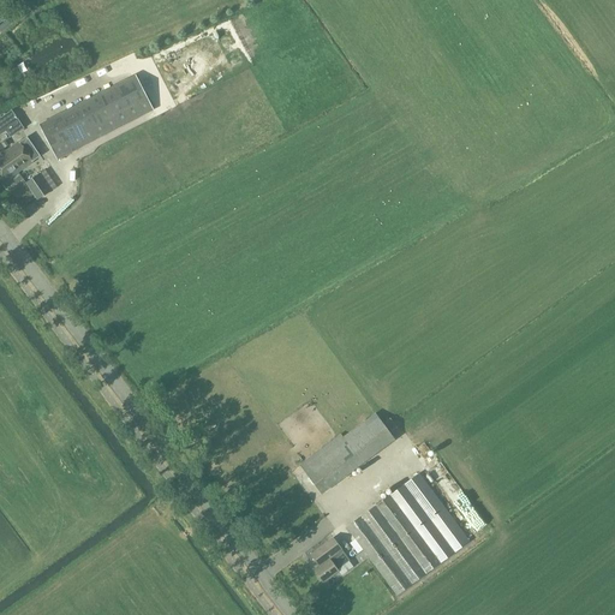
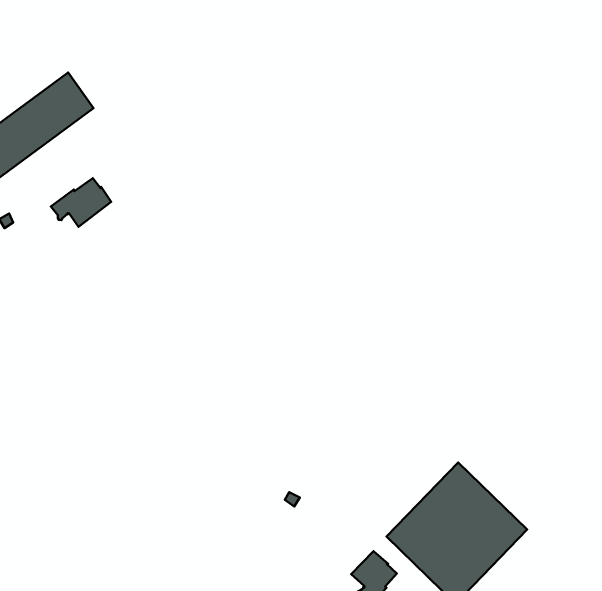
building: none -> [51,178,111,227]
building: [299,411,395,492] -> none

